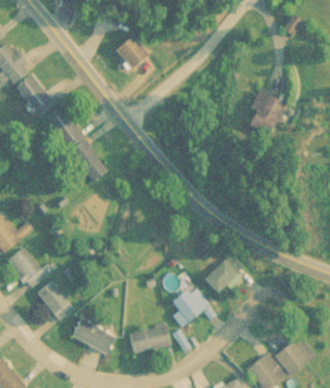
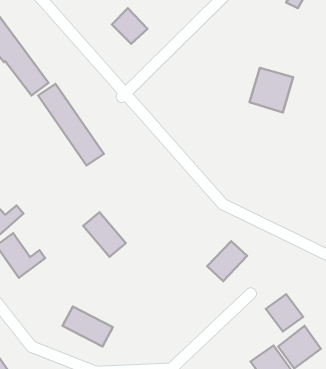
building: [35,280,75,323] -> [83,212,126,257]
building: [173,287,210,324] -> none
building: none -> [266,294,303,332]
building: [127,324,172,354] -> none

